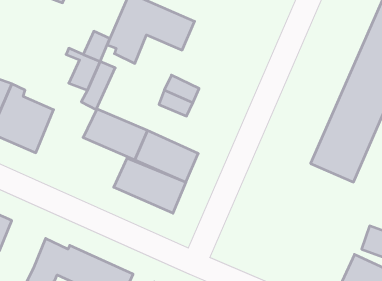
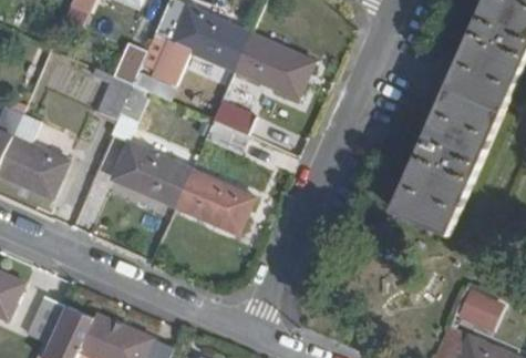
building: none -> [234,34,313,99]
building: [114,158,186,213] -> none
building: none -> [28,294,64,341]

